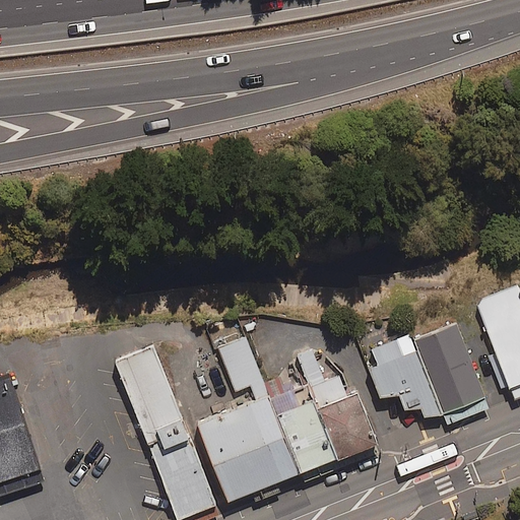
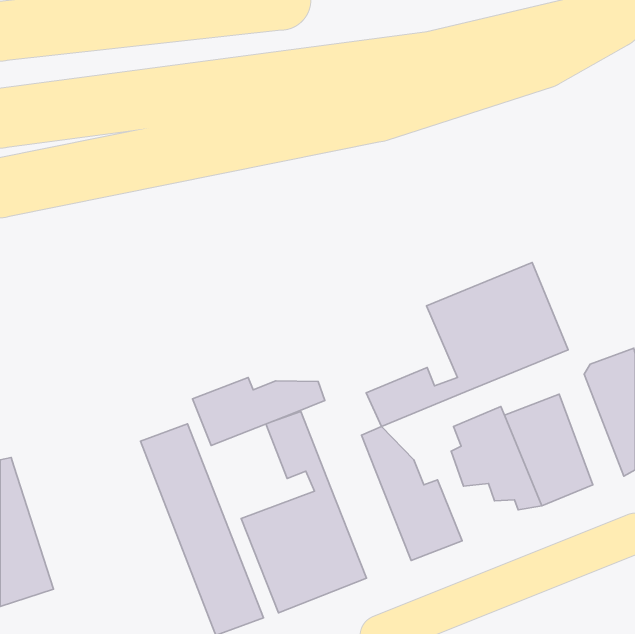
building: none -> [366,262,568,426]
building: none -> [192,377,325,446]
building: [270,385,336,473] -> none

